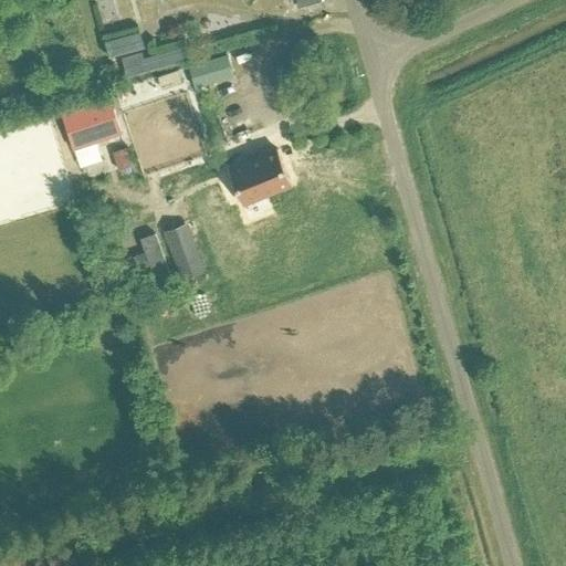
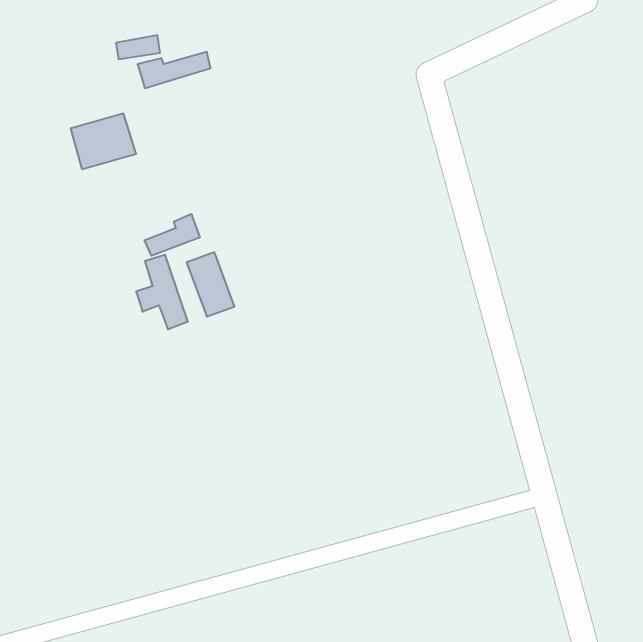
building: [186,52,235,90] -> none
building: [230,153,292,207] -> none
building: none -> [145,214,200,256]

